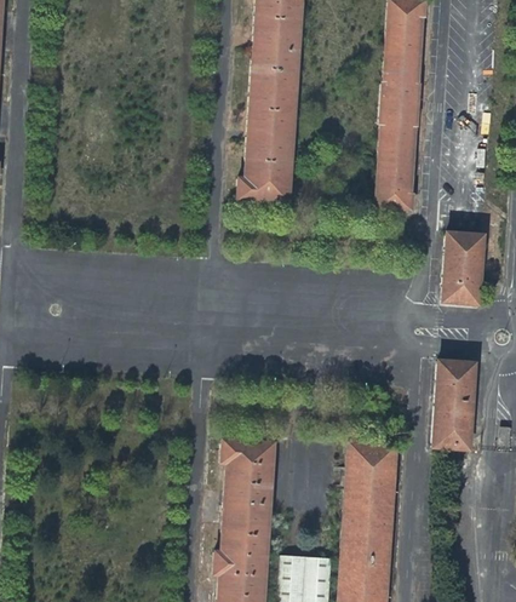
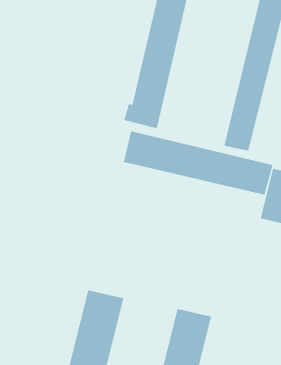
building: none -> [123,130,273,196]
building: [431,354,471,448] -> none

